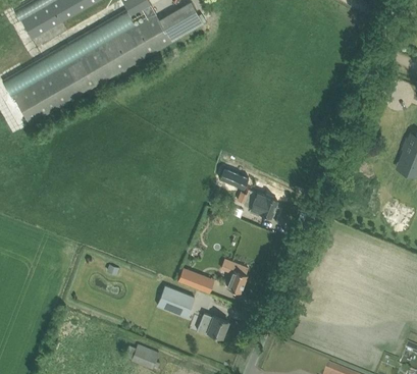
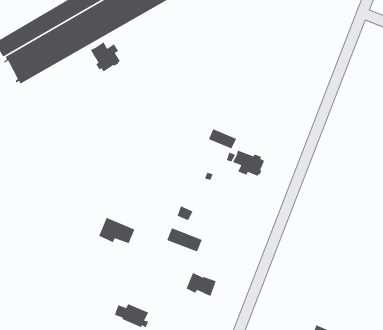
building: none -> [90,41,121,72]
building: [227,261,248,291] -> none
building: [157,284,195,312] -> [98,217,135,244]

